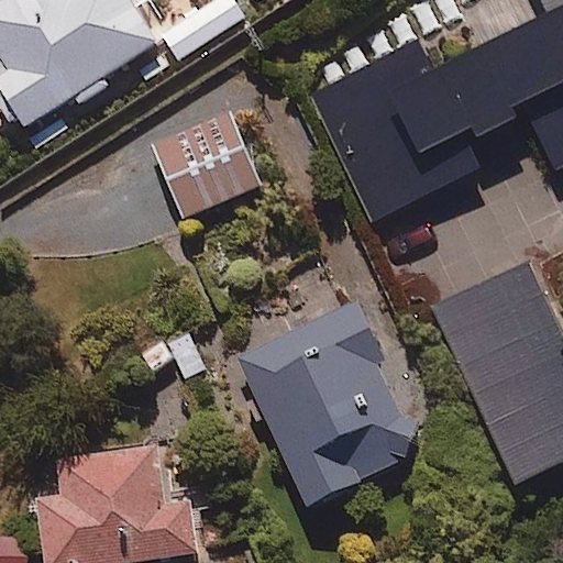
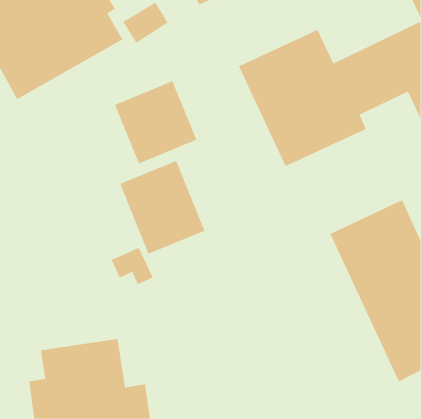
building: none -> [119,160,205,254]
building: [236,298,422,510] -> none

